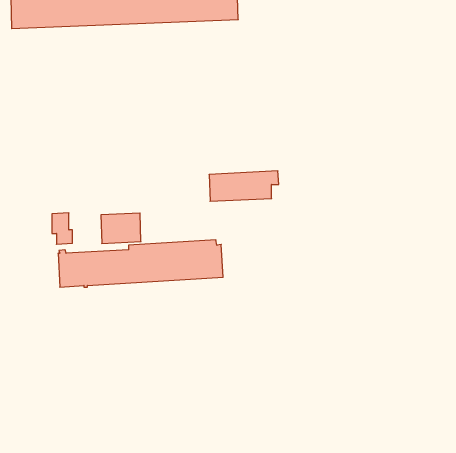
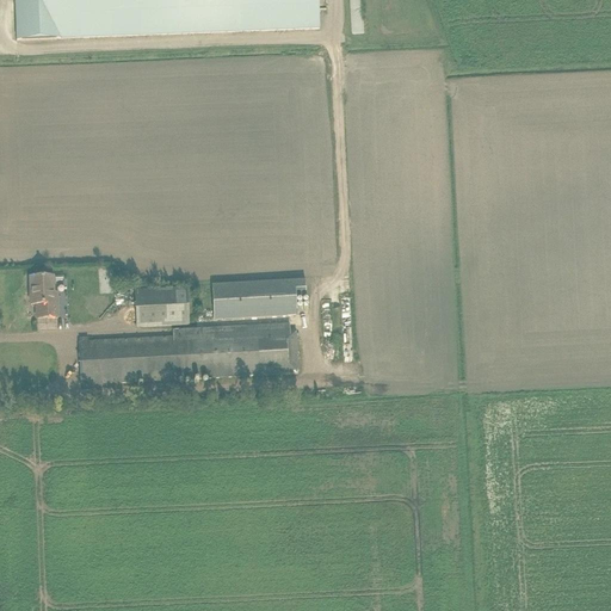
building: [209,171,279,201] -> [212,277,306,317]
building: [52,213,72,244] -> [30,274,57,316]

